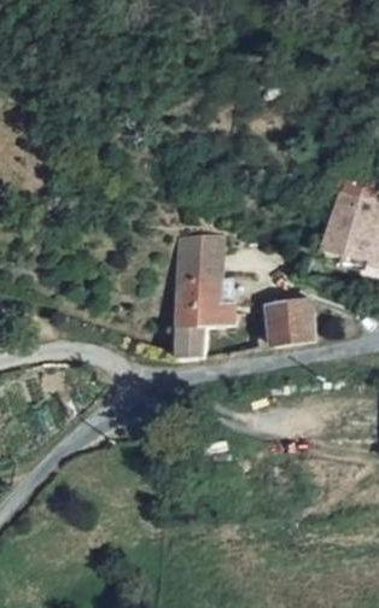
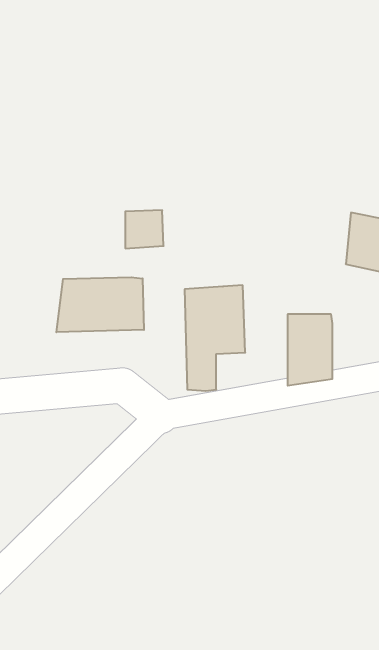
building: [173,234,208,269] -> [125,210,164,248]
building: none -> [56,277,144,332]

